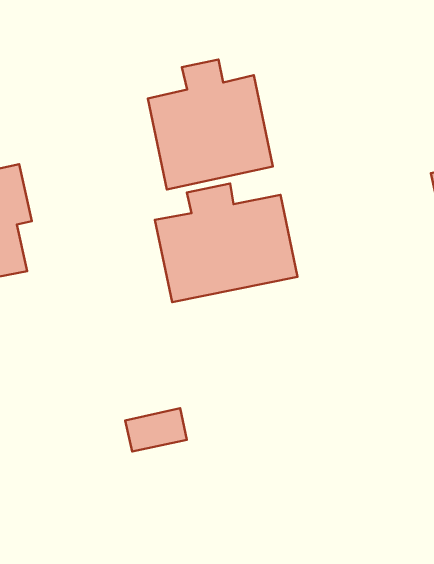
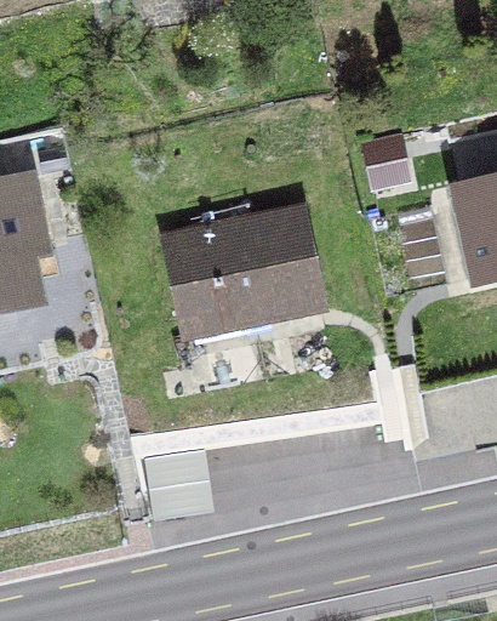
building: [148,60,273,190] -> none

